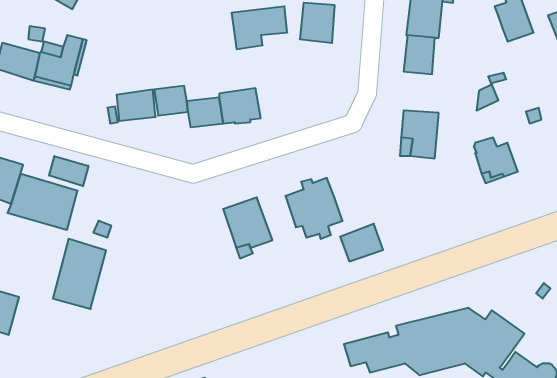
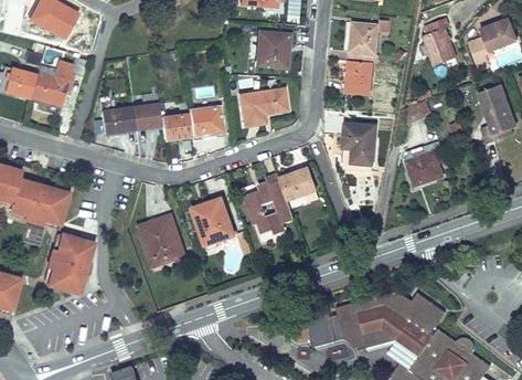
building: [231,6,287,49] -> [239,88,287,125]
building: [49,156,88,186] -> none
building: none -> [139,215,184,265]
building: [340,224,383,261] -> [279,167,316,199]

